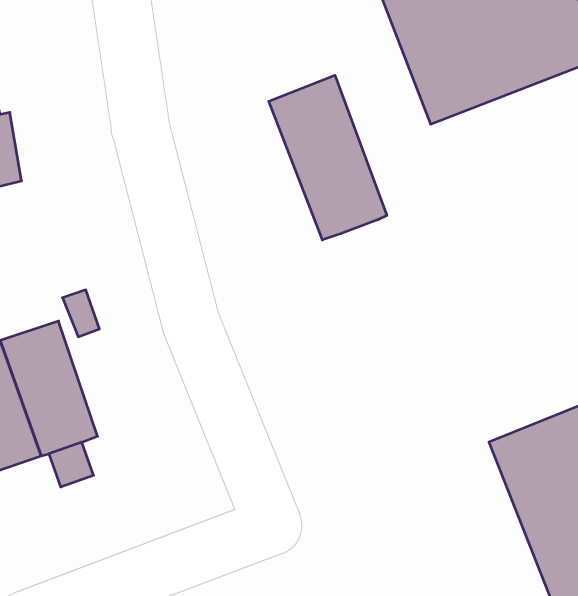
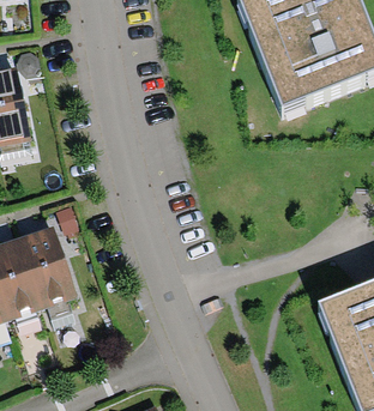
building: [269,75,387,240] -> none

